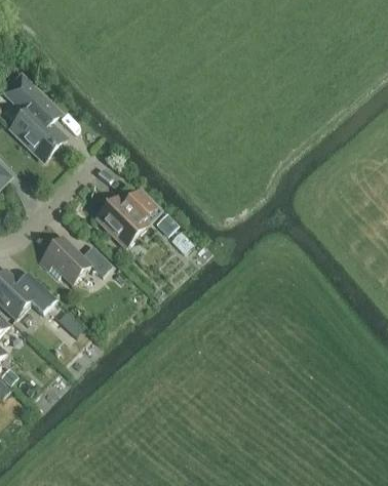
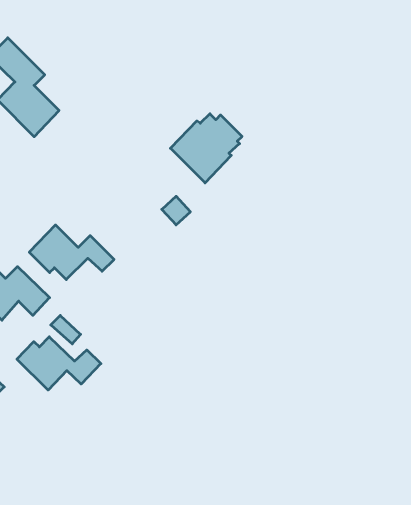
building: [95,188,157,247] -> [170,114,242,183]
building: none -> [17,337,101,390]

